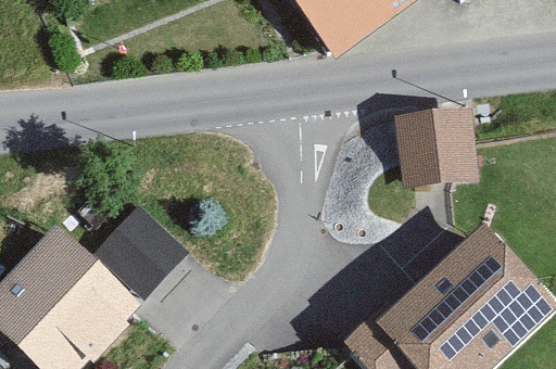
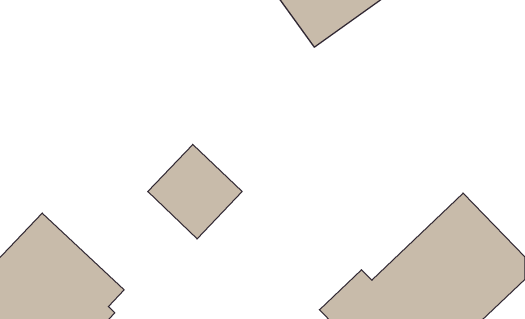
building: [388,101,473,181] -> none
building: [89,205,187,303] -> [148,144,242,239]

